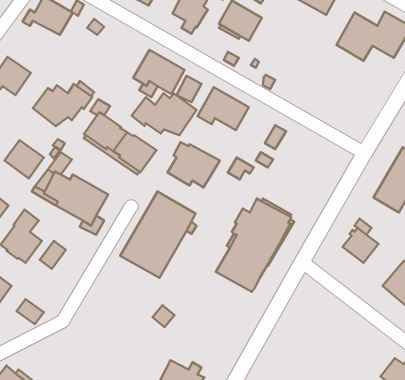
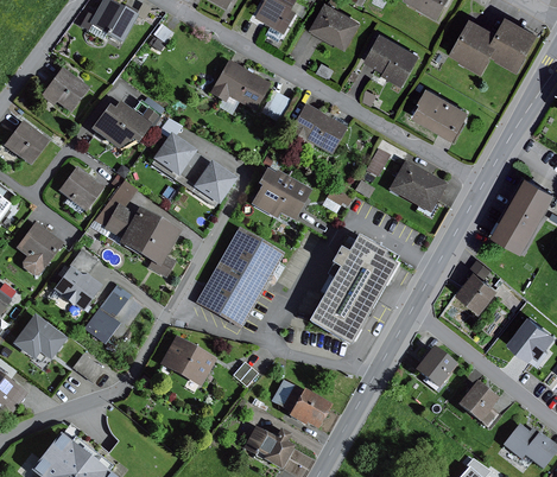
building: none -> [365,32,420,85]
building: none -> [413,87,470,140]
building: [132,93,197,135] -> none
building: none -> [388,160,447,212]
building: none -> [83,307,121,344]
building: none -> [160,336,216,387]
building: none -> [414,345,457,388]
building: none -> [272,379,333,427]
building: none -> [458,380,502,430]

